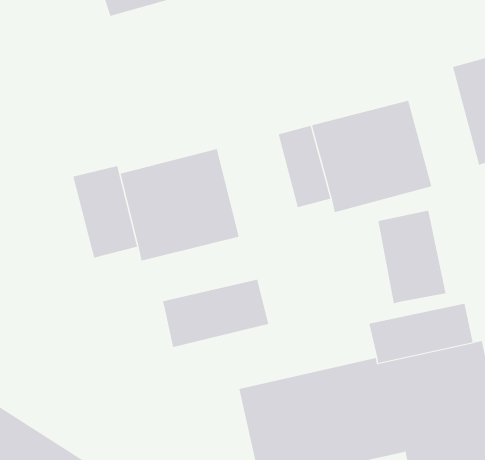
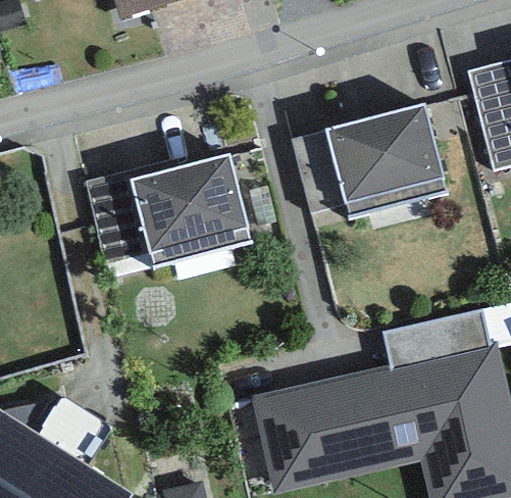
building: [378,210,446,304] -> none
building: [162,279,269,348] -> none

